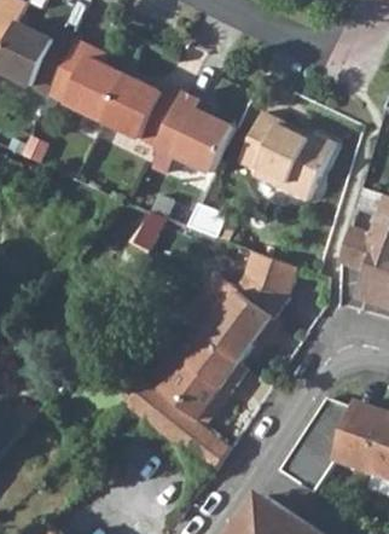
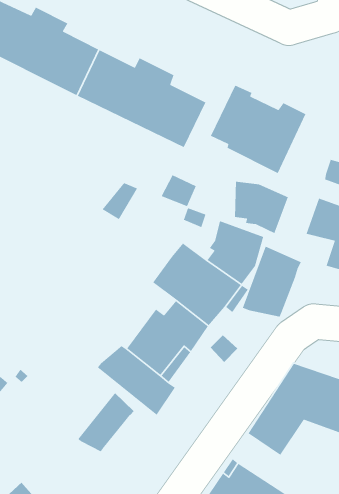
building: none -> [234,181,289,234]
building: none -> [242,246,302,318]
building: [185,423,232,474] -> none
building: none -> [77,392,135,452]

